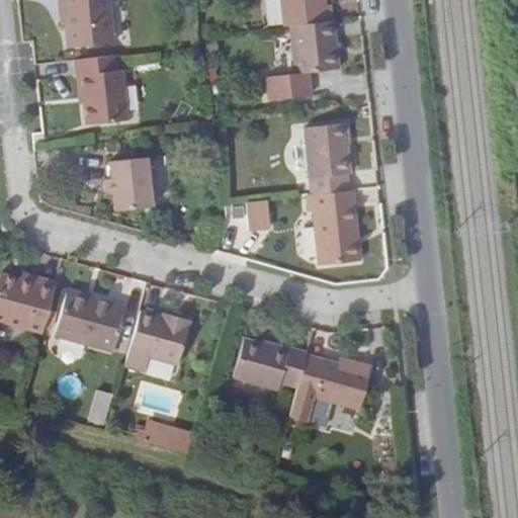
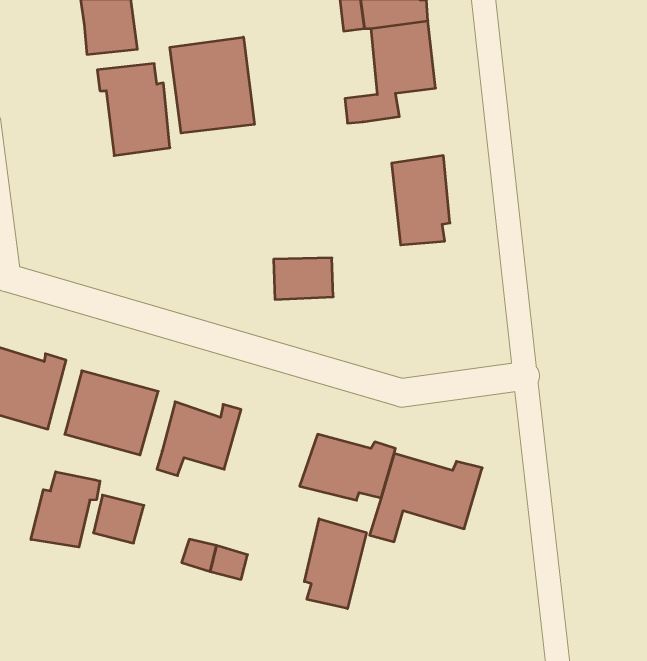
building: none -> [170,37,254,133]
building: [108,156,150,208] -> none
building: [307,187,360,265] -> none
building: none -> [31,472,100,547]
building: none -> [304,519,366,609]

